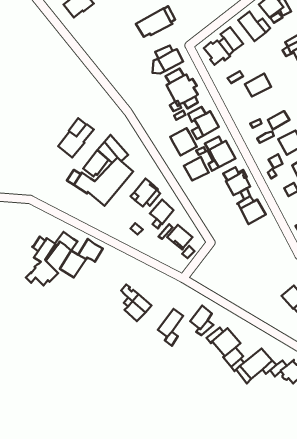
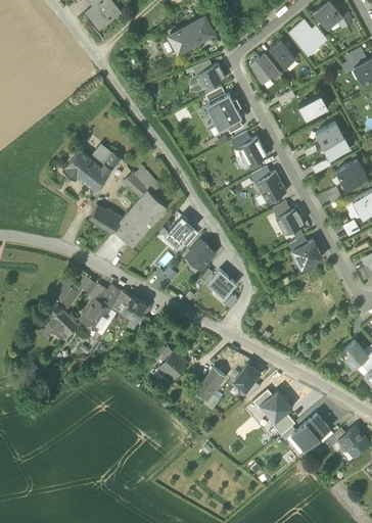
building: none -> [316,122,342,147]
building: [170,128,197,155] -> none
building: [83,150,108,177] -> [62,149,92,180]
building: [184,157,209,181] -> none
building: none -> [122,296,146,329]

